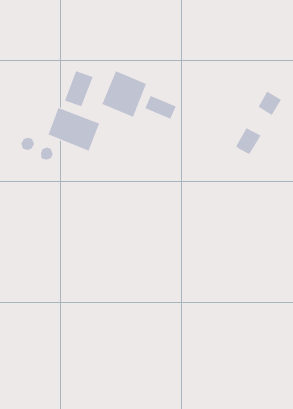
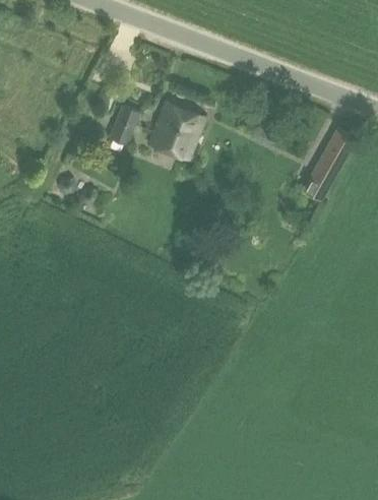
building: [144,95,176,119] -> none
building: [48,107,100,151] -> none

